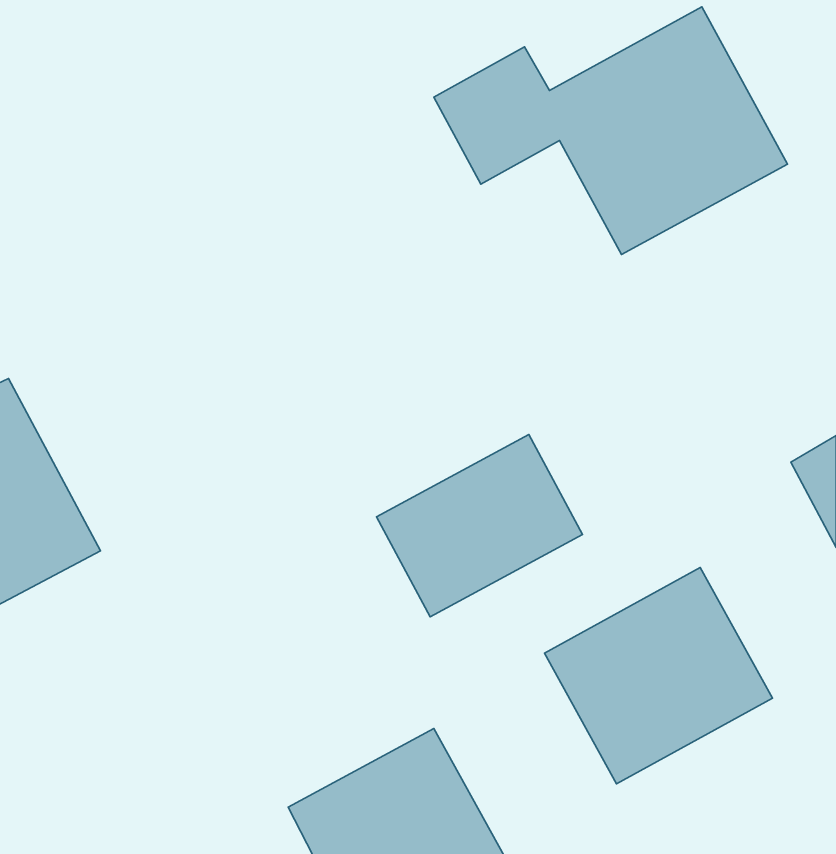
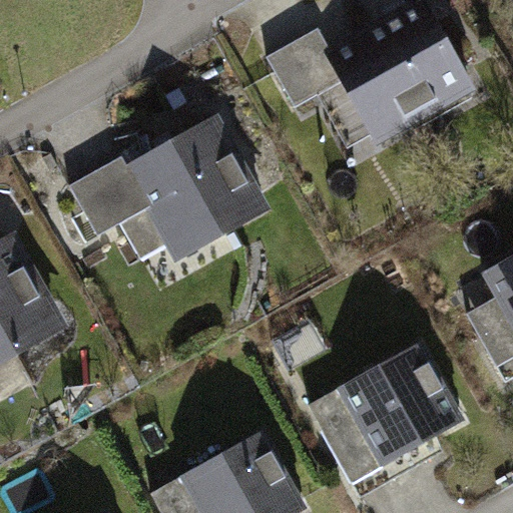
building: none -> [67,108,275,273]
building: [376,435,583,617] -> none

